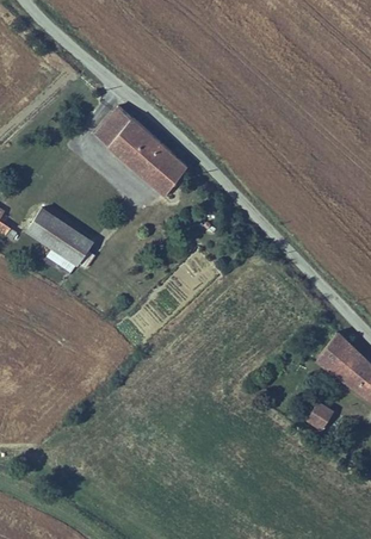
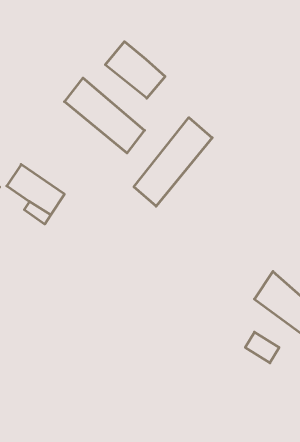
building: none -> [105,42,165,98]
building: none -> [134,118,212,206]

